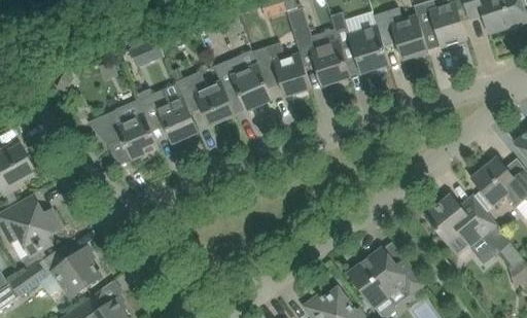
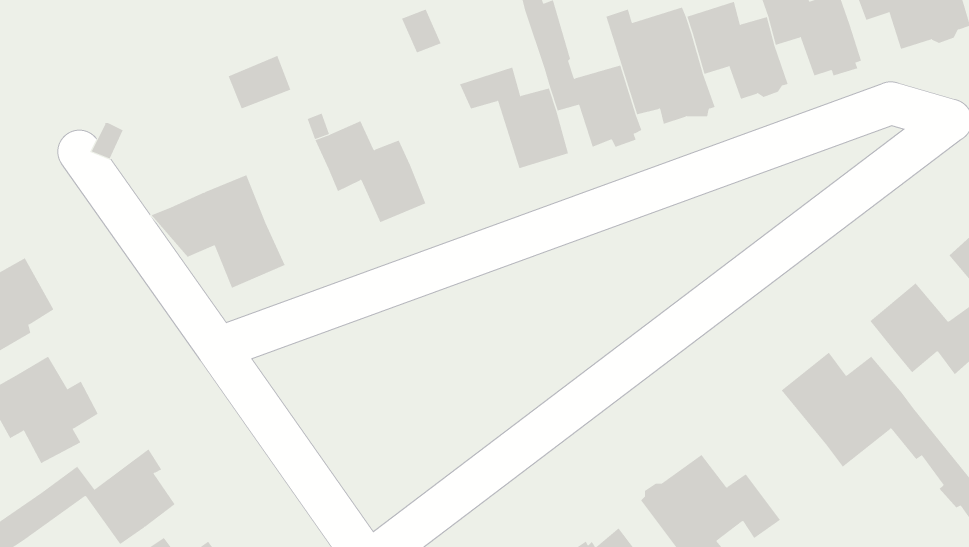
building: [213,50,272,110] -> none
building: [135,89,197,142] -> none

